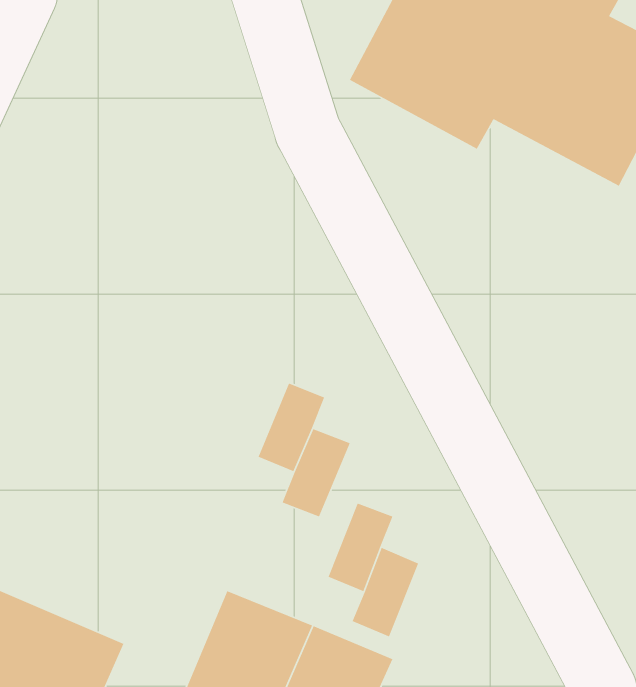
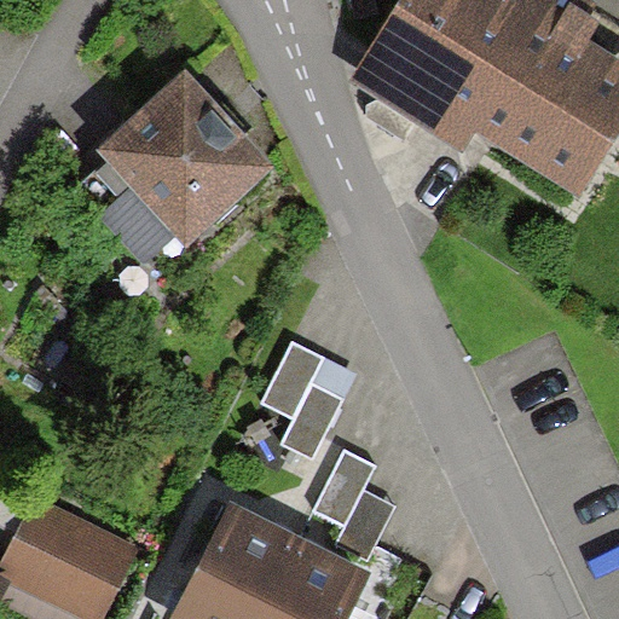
building: none -> [82,74,273,267]

